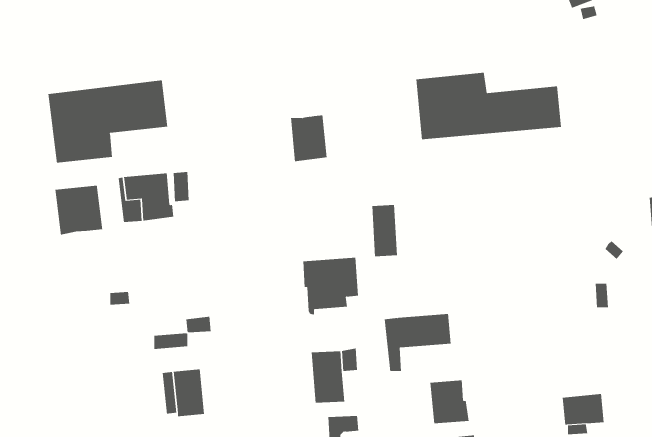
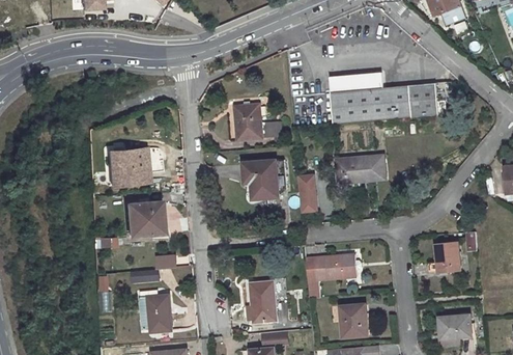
building: [48,79,168,164] -> none
building: none -> [337,155,386,181]
building: [55,185,103,235] -> none
building: none -> [126,200,162,235]
building: [302,257,359,315] -> [245,159,287,202]
building: none -> [426,240,460,272]

